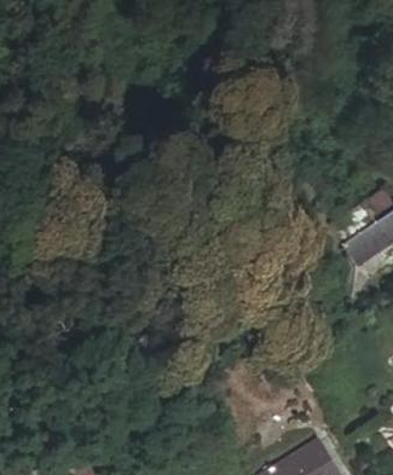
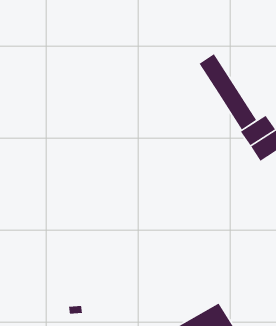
building: none -> [198,53,257,130]

